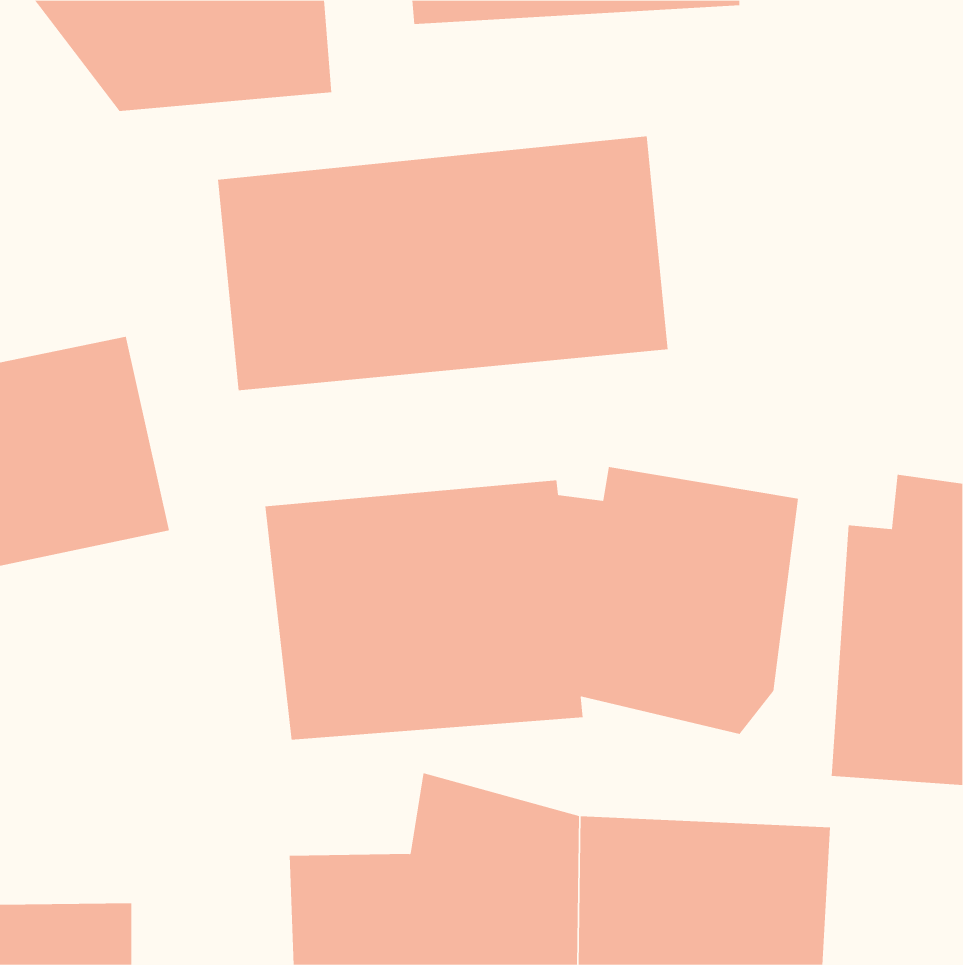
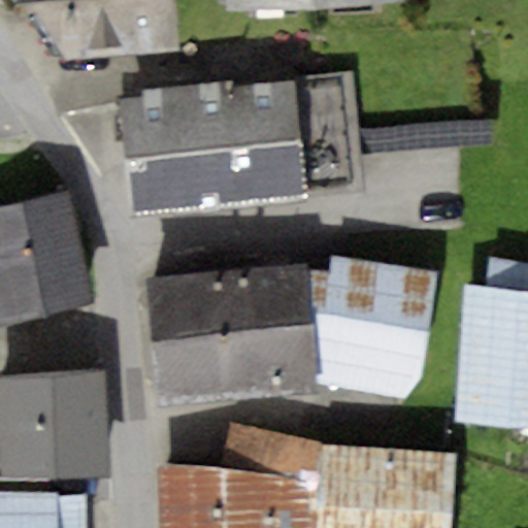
building: none -> [9,374,112,473]

